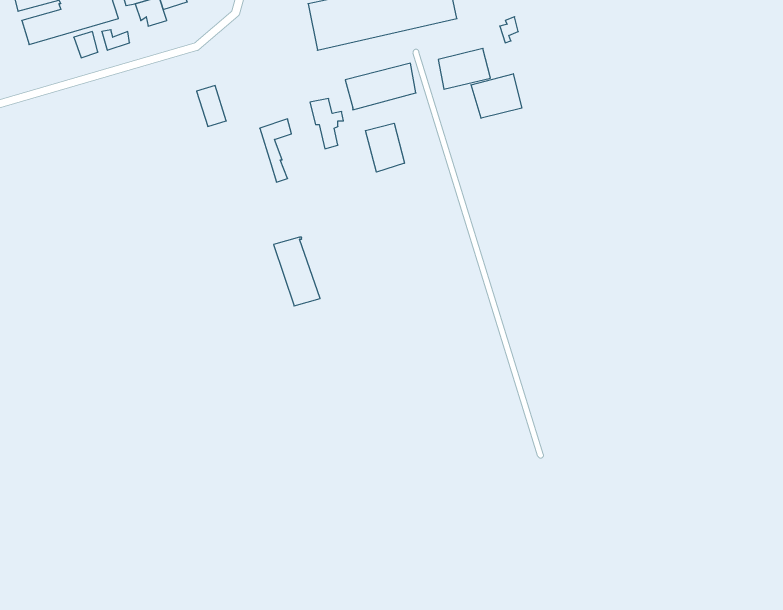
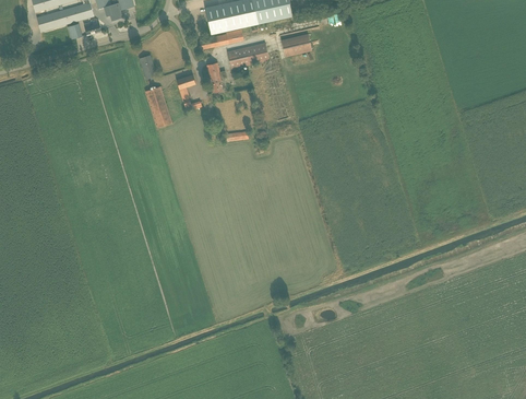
building: [471,74,522,118] -> none
building: [365,123,404,172] -> none
building: [274,237,320,306] -> [144,85,171,126]

